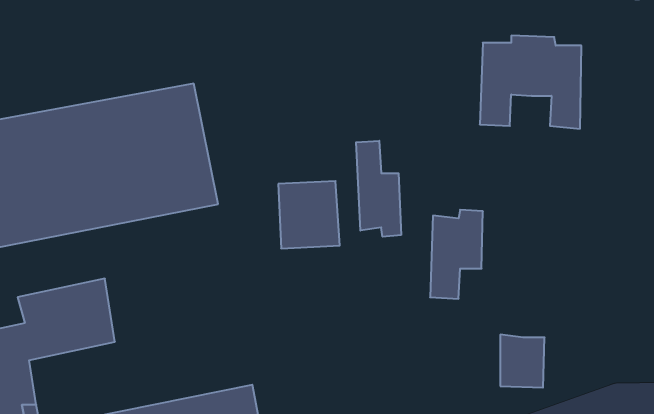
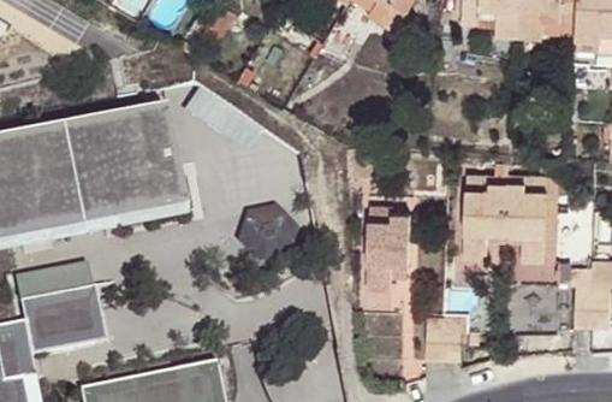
building: [480,36,581,129] -> [463,185,548,264]
building: [356,141,401,237] -> none

